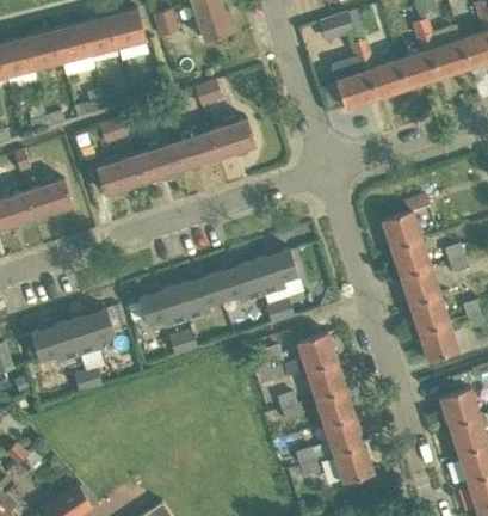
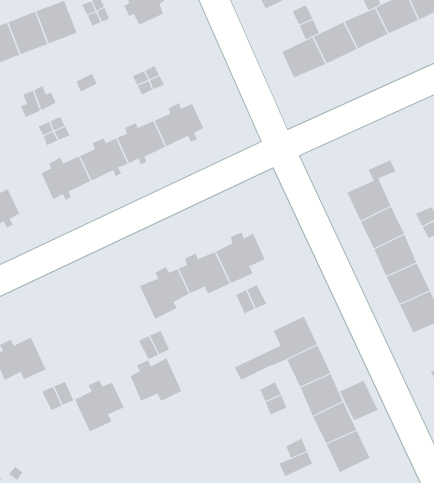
building: [140,287,187,327] -> [130,358,182,401]
building: [69,307,116,355] -> [74,380,125,432]
building: none -> [339,380,378,421]

